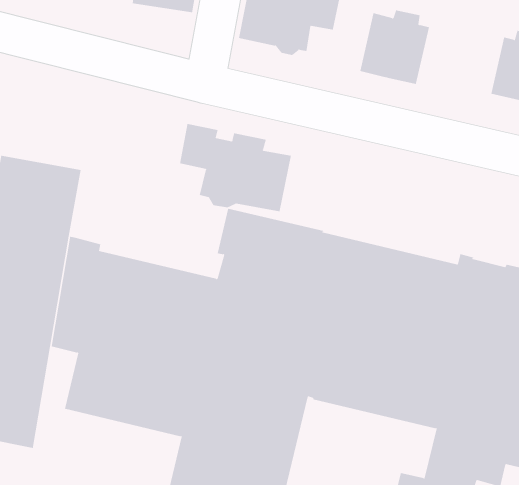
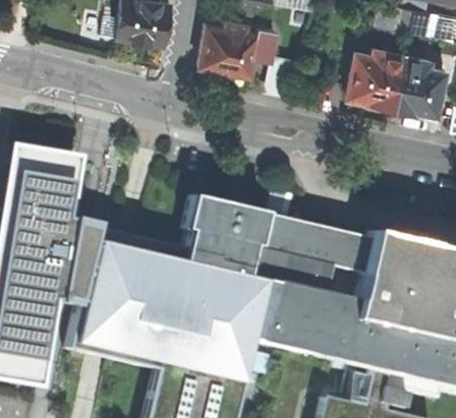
building: [360,10,430,84] -> [349,49,403,106]
building: [179,123,292,212] -> none

